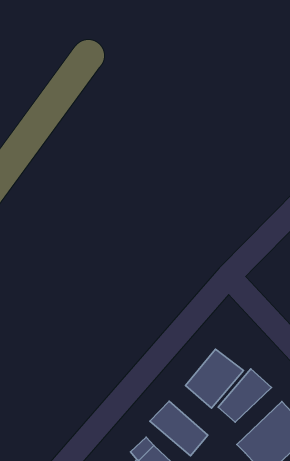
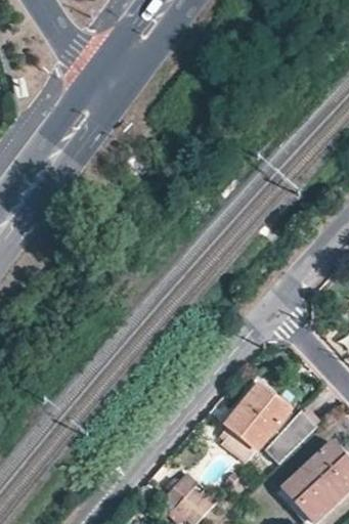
building: [150,401,208,456] -> none

